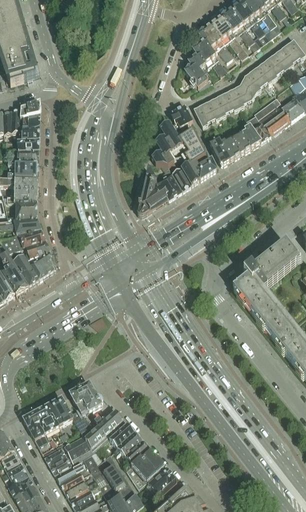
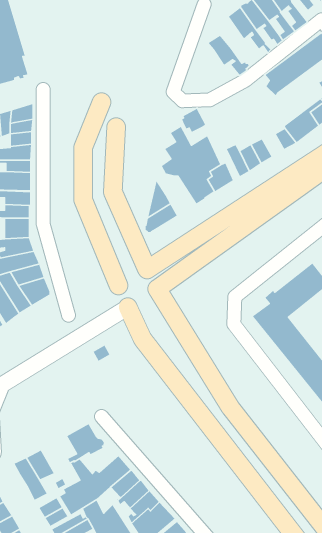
building: [199,24,234,61] -> none
building: [185,53,213,87] -> none
building: [192,84,253,124] -> none
building: [240,113,261,147] -> none
building: [157,164,183,199] -> none
building: [47,396,73,425] -> none

